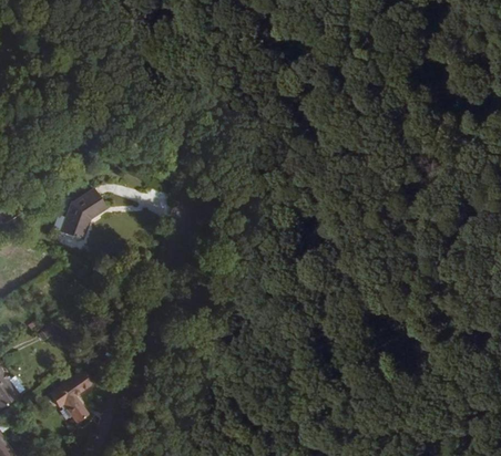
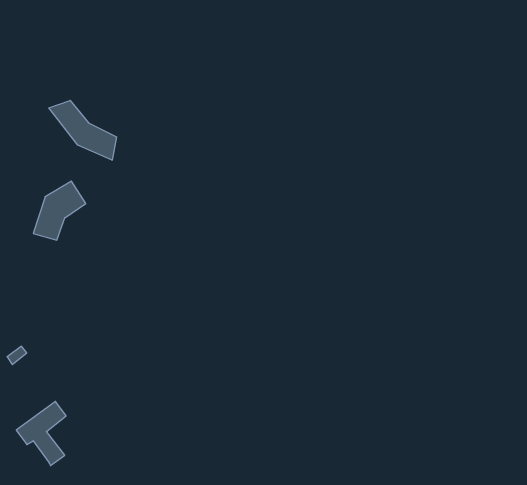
building: none -> [49,100,117,160]

